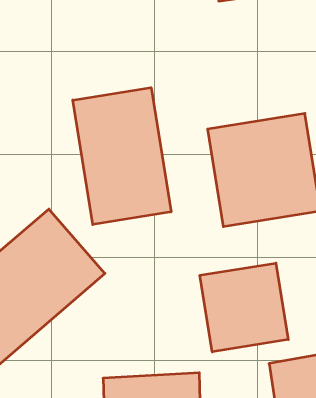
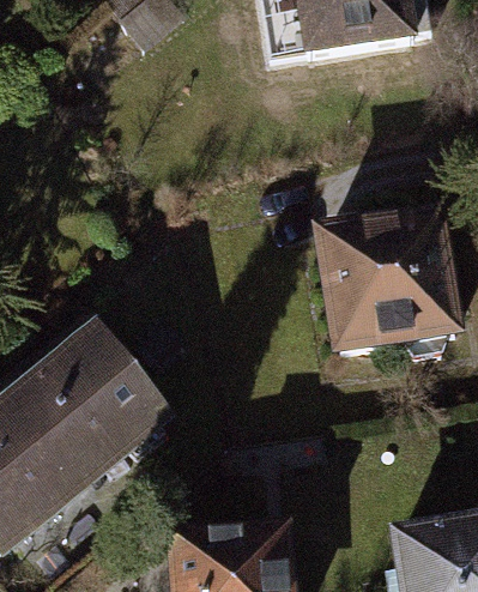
building: [73,88,171,225] -> none
building: [200,263,288,352] -> none

